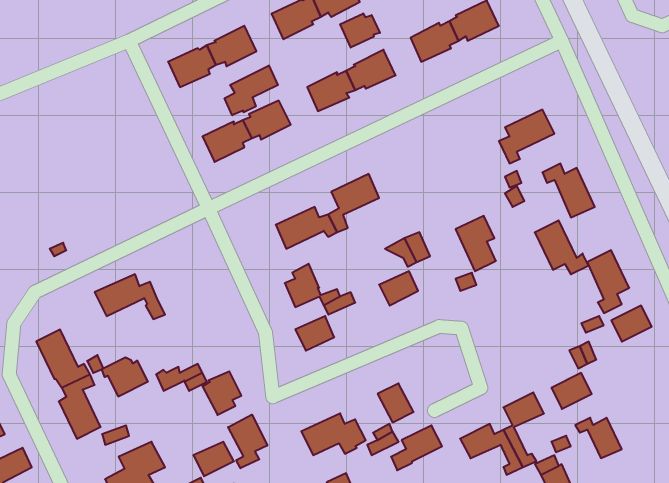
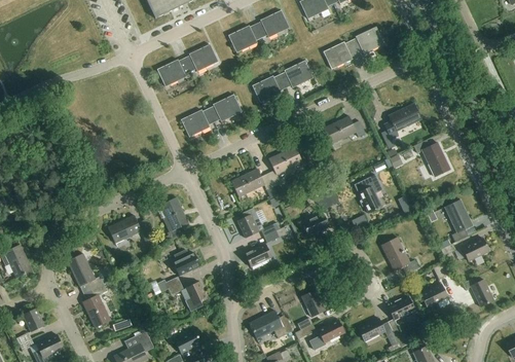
building: [340,13,380,48] -> none
building: [225,65,278,115] -> none
building: none -> [323,115,366,144]
building: [535,220,589,274] -> [381,237,418,274]
building: none -> [160,197,189,242]
building: [102,358,148,396] -> [169,250,200,277]
building: [228,415,267,468] -> none
building: [575,418,622,458] -> [463,279,494,306]

